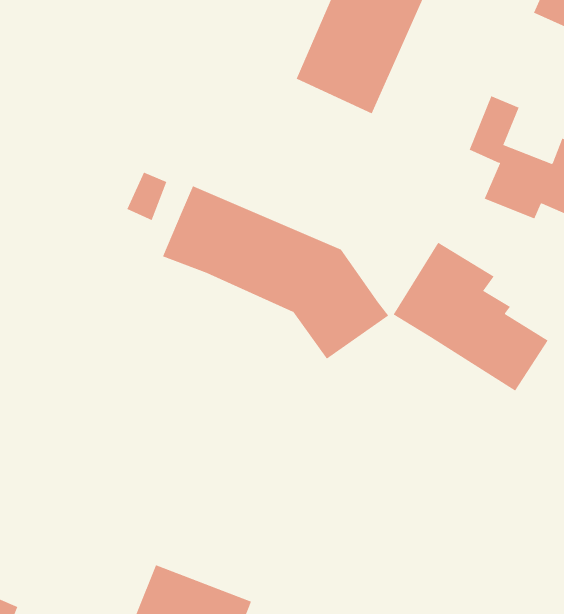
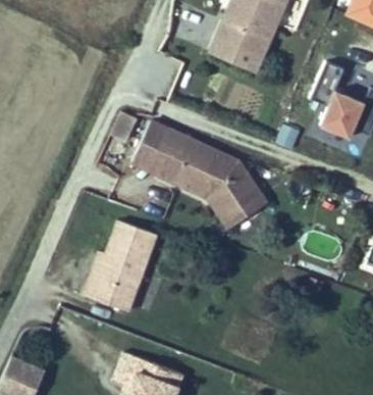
building: [393,242,549,392] -> none
building: none -> [82,219,155,310]

